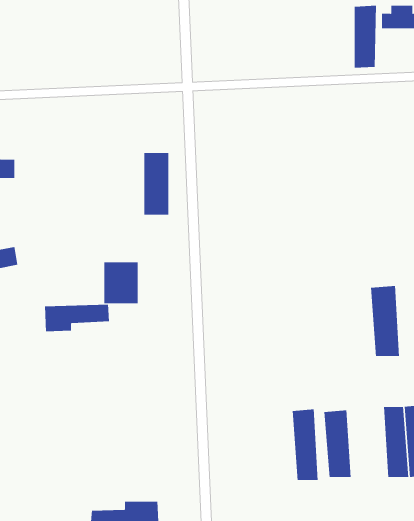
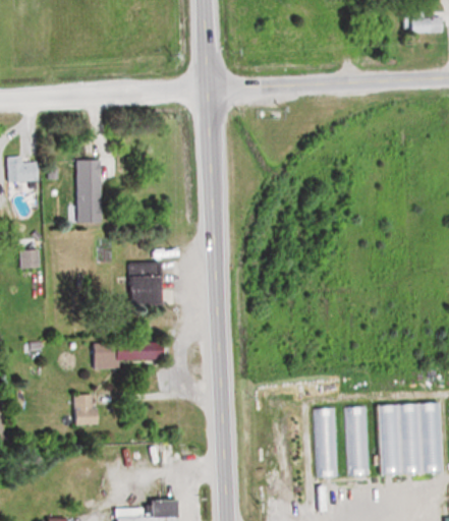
building: [354,5,376,69] -> none
building: [143,153,169,215] -> [75,160,101,222]
building: [370,285,400,356] -> [378,406,407,476]
building: [44,304,110,332] -> [92,342,157,369]
building: none -> [72,395,95,424]

